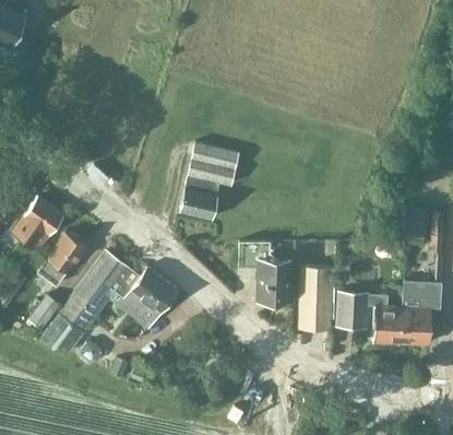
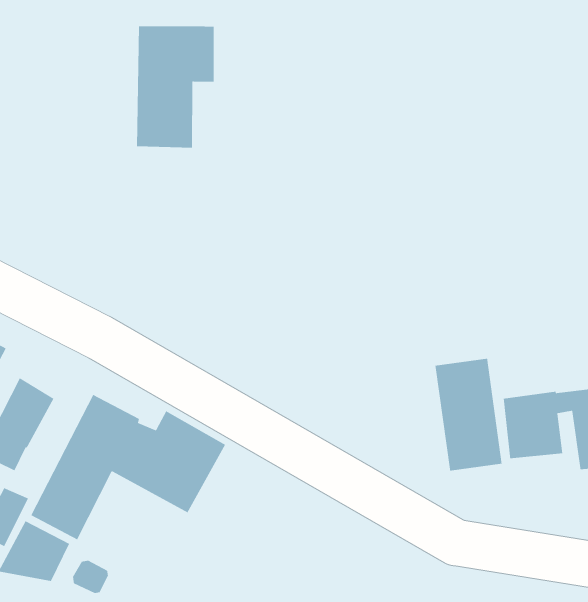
building: [180,144,236,219] -> [136,26,214,149]
building: [239,240,291,302] -> none

